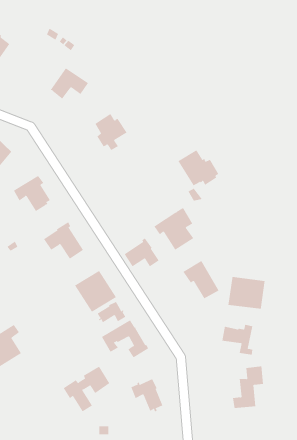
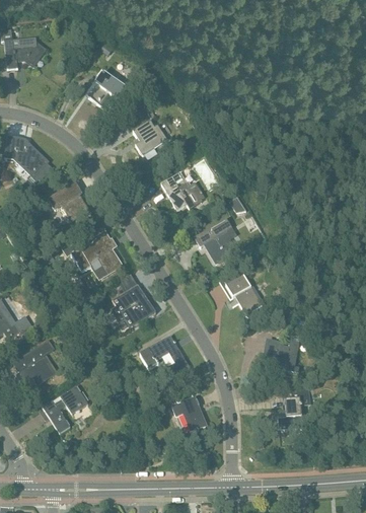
building: [178,150,219,186] -> [160,170,204,209]
building: [124,237,160,267] -> none
building: [228,276,265,310] -> none
building: [97,301,126,323] -> none
building: [63,366,110,412] -> [39,384,88,433]

